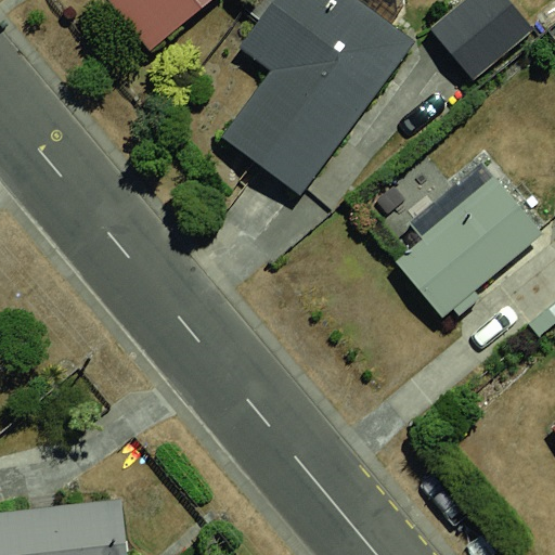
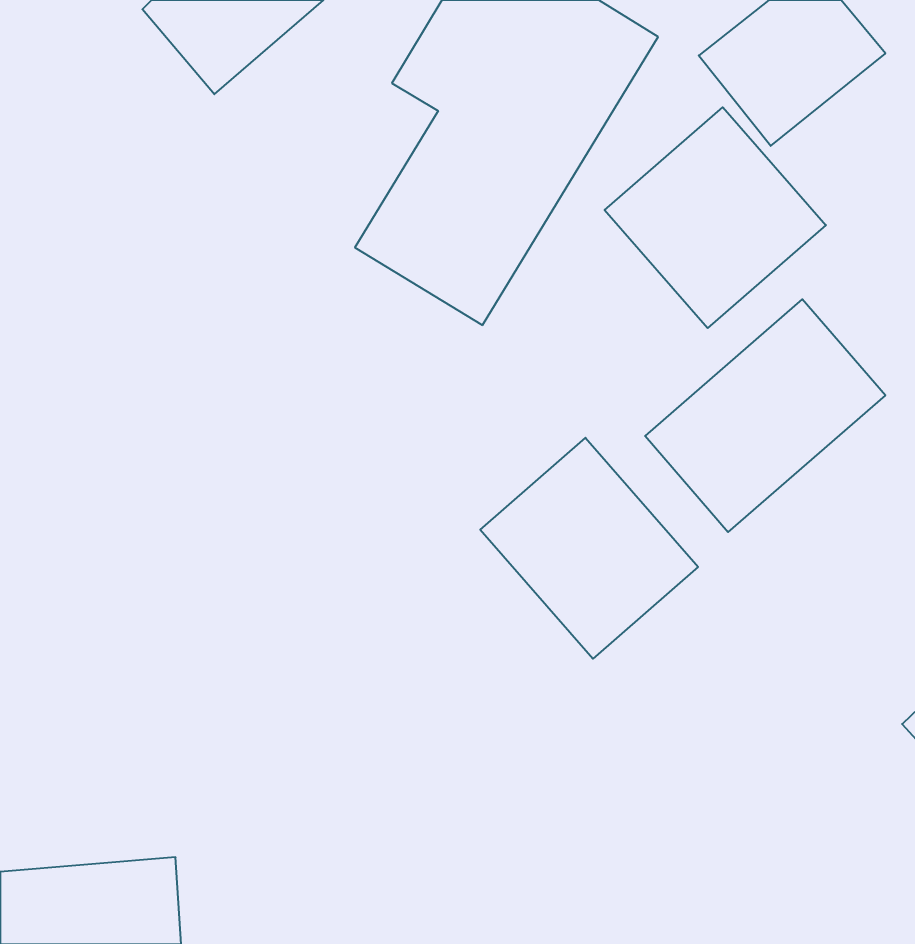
building: none -> [605,107,826,328]
building: none -> [480,438,698,659]

